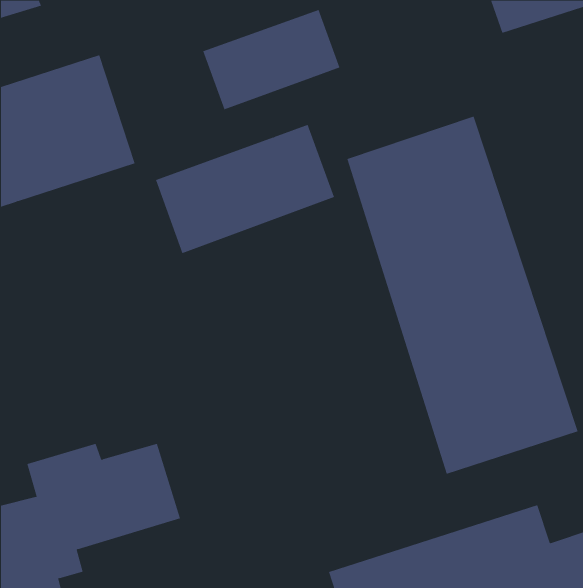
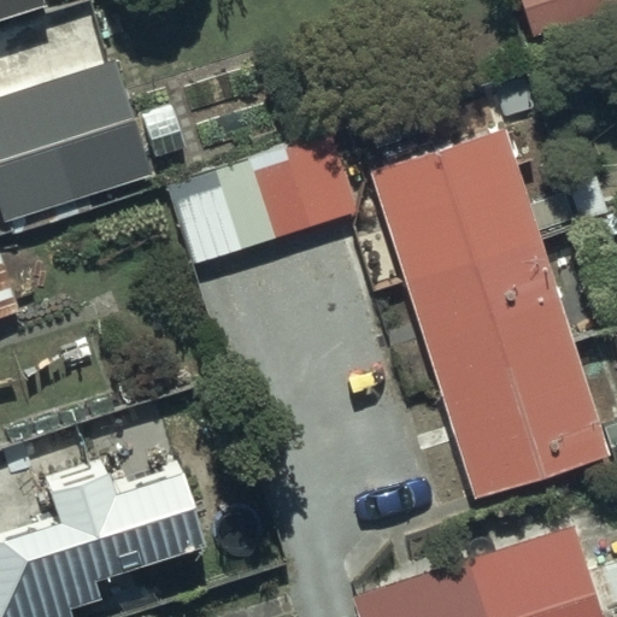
building: [202,9,340,110] -> none

